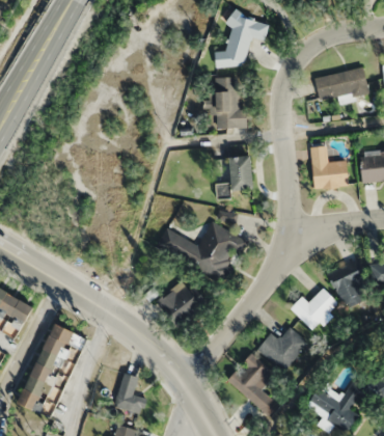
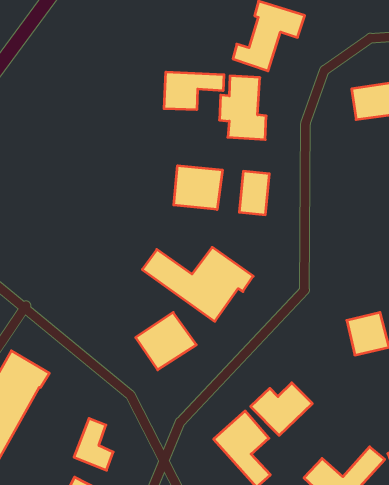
building: none -> [164,72,224,110]
building: [310,144,350,189] -> none
building: none -> [174,166,222,210]
building: [290,288,337,330] -> none

